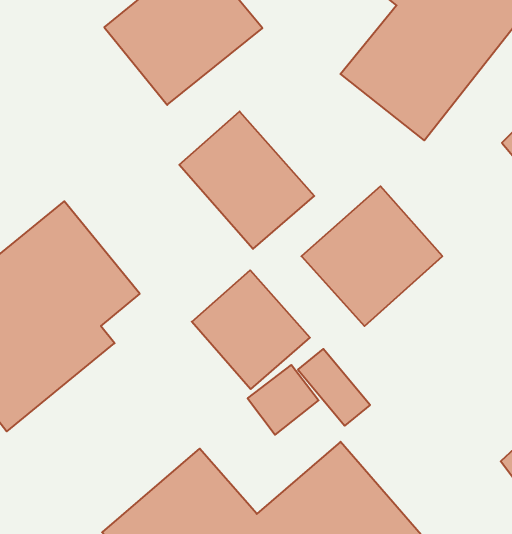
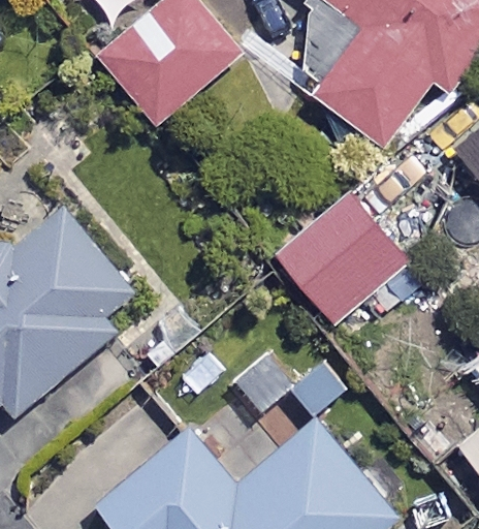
building: [179,111,314,249] -> none
building: [192,270,310,389] -> none

